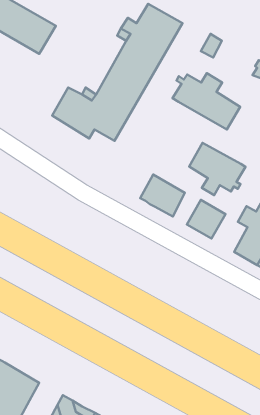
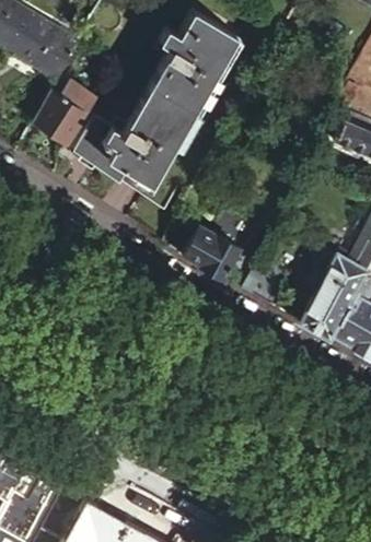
building: none -> [34,75,95,145]
building: [172,73,240,130] -> none
building: [189,143,245,195] -> none

